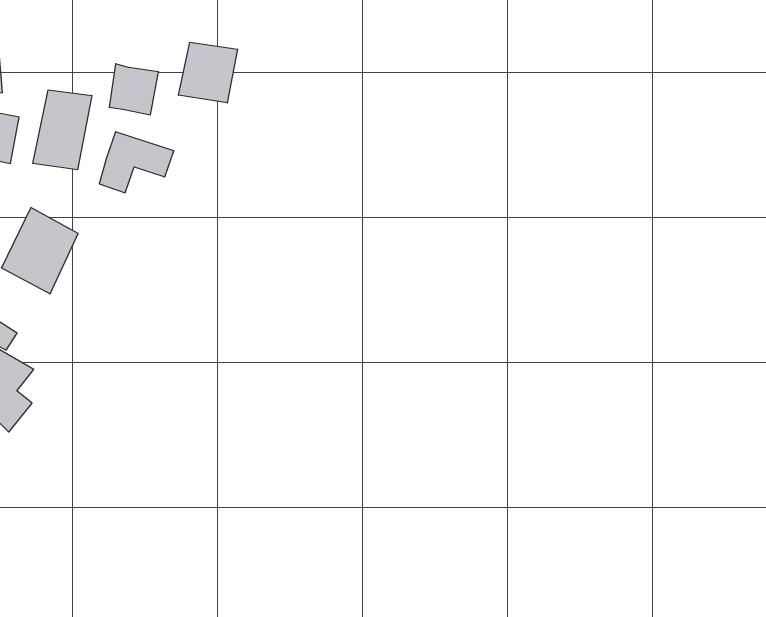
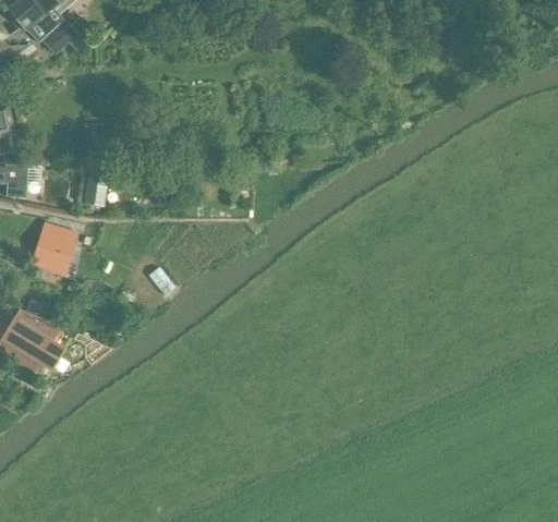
building: [178,42,238,103] -> none
building: [33,90,92,170] -> none

